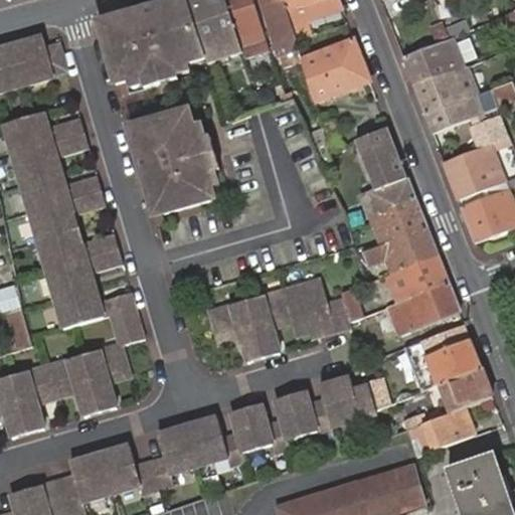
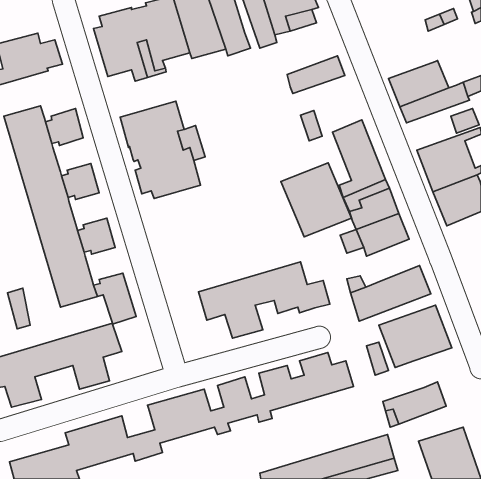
building: [402,35,464,83] -> none
building: [299,38,359,79] -> none
building: none -> [281,163,352,237]
building: [390,254,447,301] -> none
building: [441,370,492,412] -> none

